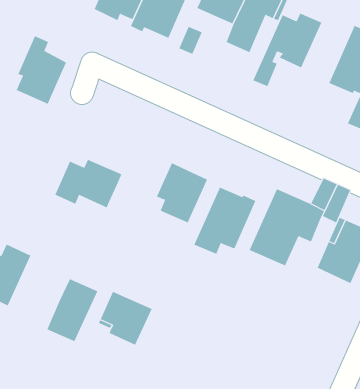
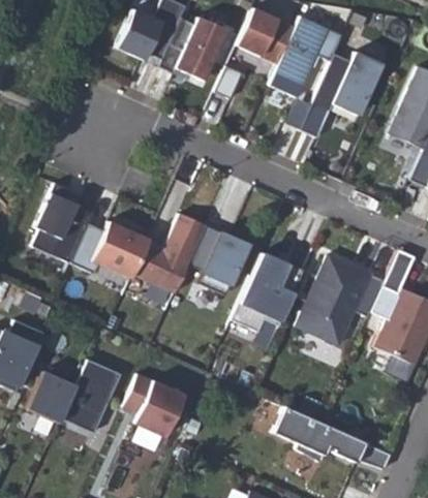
building: [16,36,67,104] -> [34,183,93,262]
building: none -> [135,214,207,289]
building: none -> [27,371,77,424]
building: none -> [273,406,392,469]

